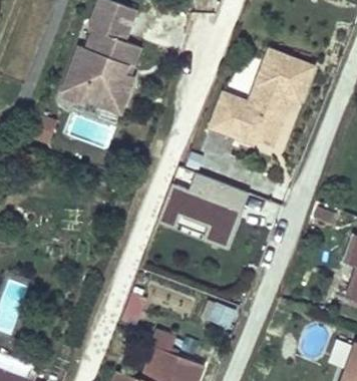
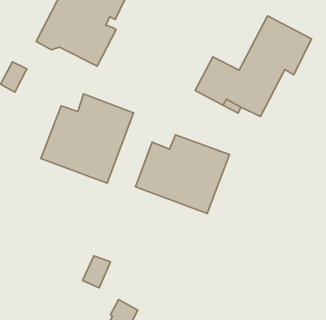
building: none -> [41,94,133,183]

